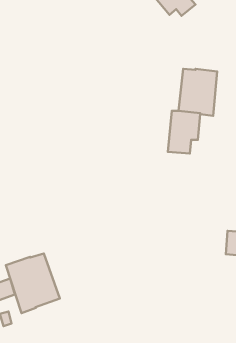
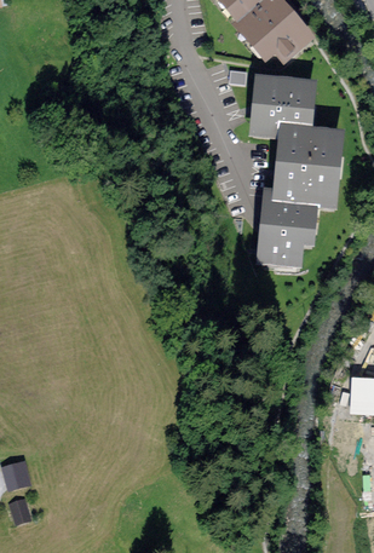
building: none -> [257,83,309,137]
building: [6,253,60,313] -> none

